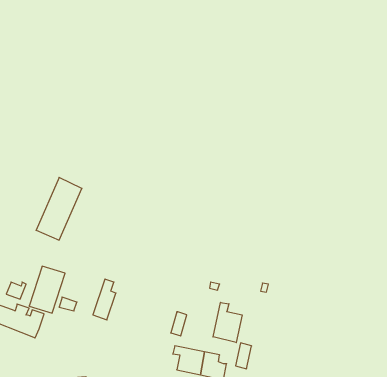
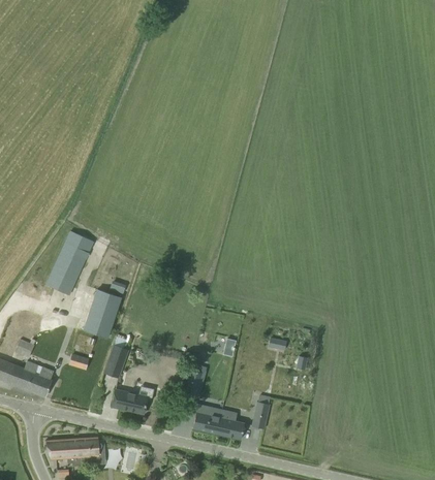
building: [29,266,65,313] -> [84,289,121,338]
building: [213,302,242,343] -> none
building: none -> [111,388,148,414]

